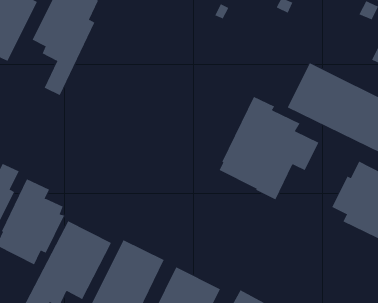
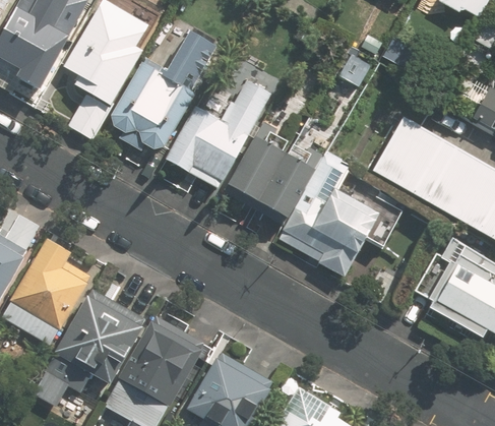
building: none -> [112,33,215,149]
building: none -> [163,79,270,191]
building: none -> [227,121,319,219]

